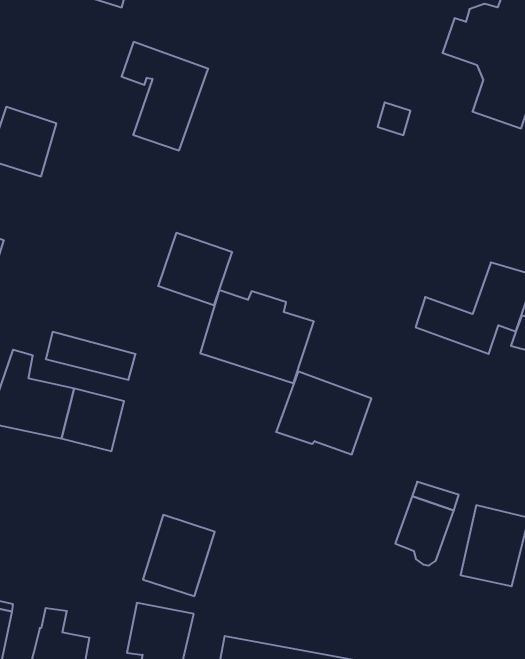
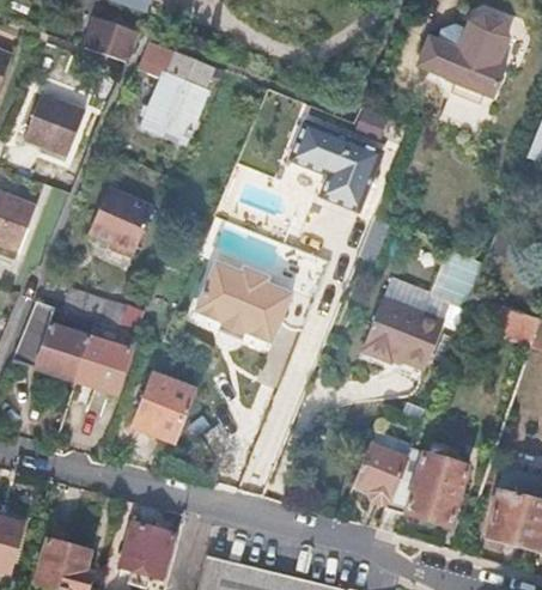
building: none -> [86,18,141,63]
building: none -> [288,118,383,209]
building: [158,233,232,305] -> [90,193,154,256]
building: [276,372,371,454] -> [359,300,441,373]
building: [143,515,215,596] -> [134,372,197,443]

